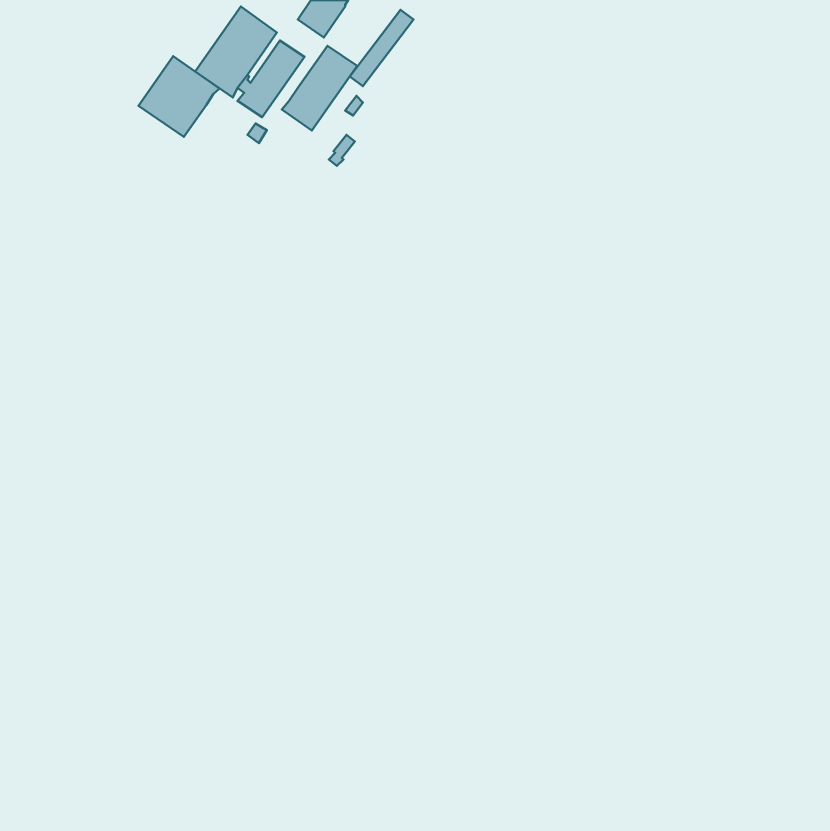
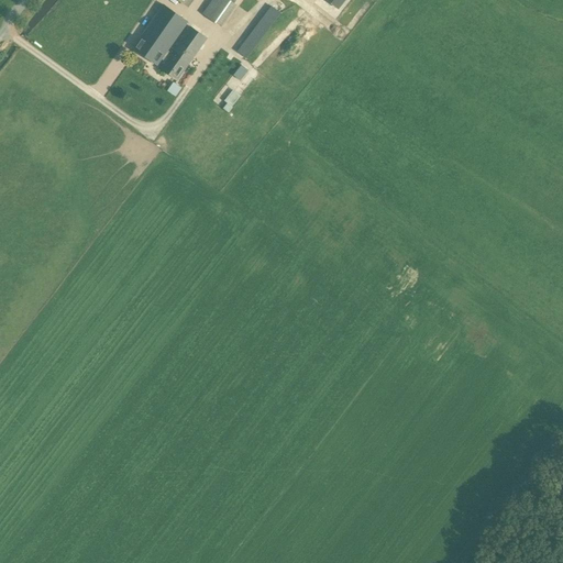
building: [282,46,357,131] -> none
building: [139,56,220,137] -> none

